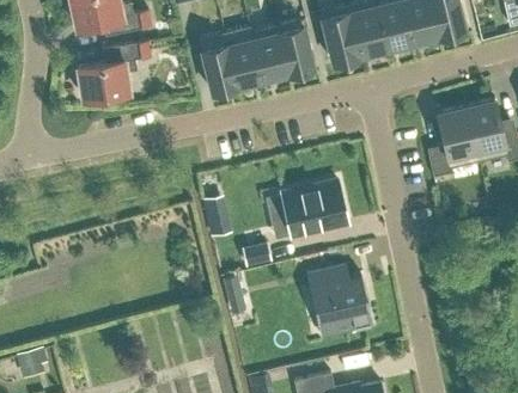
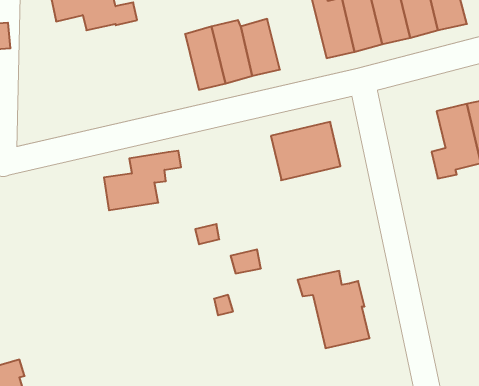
building: [276,20,313,74] -> none
building: [78,43,151,99] -> [104,151,181,210]
building: [281,182,347,237] -> [271,122,340,180]

